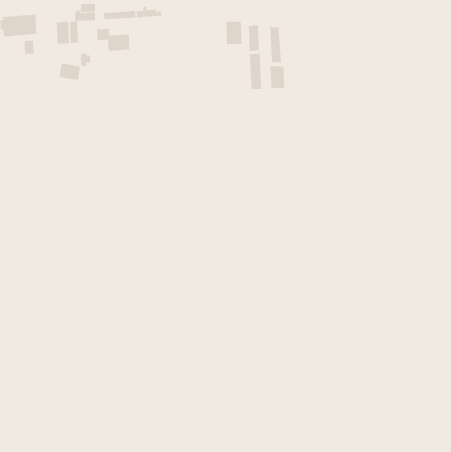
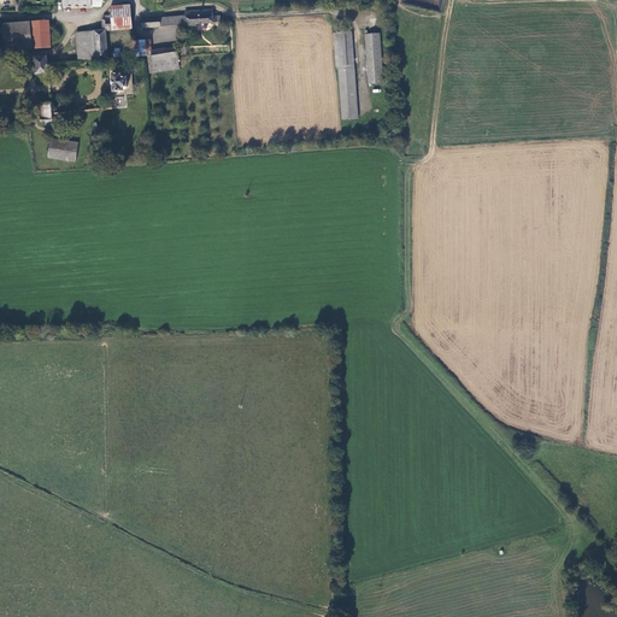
building: [226,21,242,45] -> none
building: [58,63,81,81] -> [46,137,76,161]
building: [270,65,285,89] -> none

